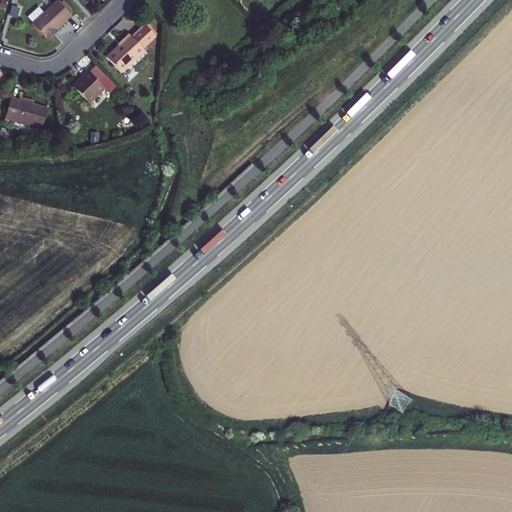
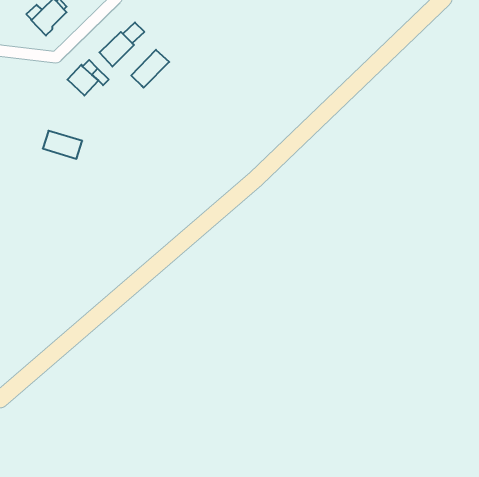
building: none -> [131,50,169,88]
building: [5,97,47,127] -> [43,131,82,159]

